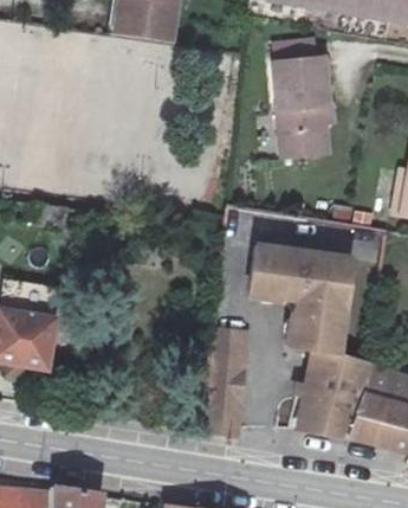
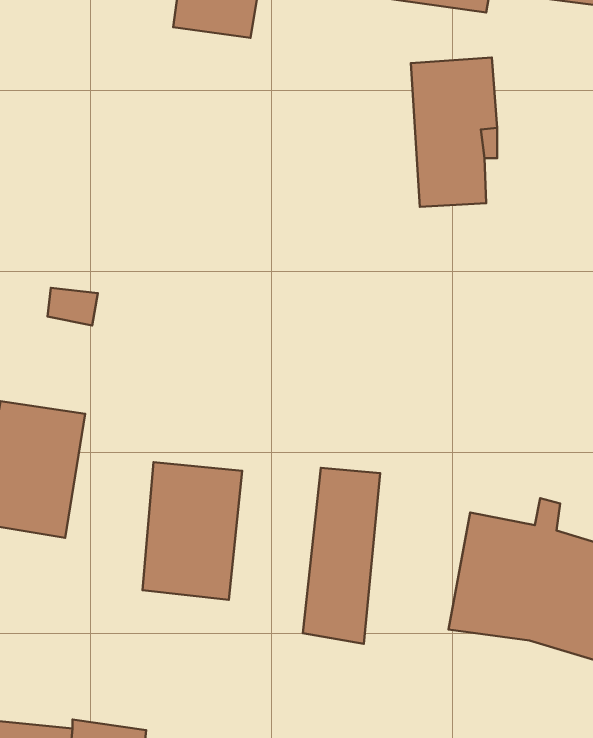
building: [250,239,355,355] -> none
building: none -> [143,462,242,600]

